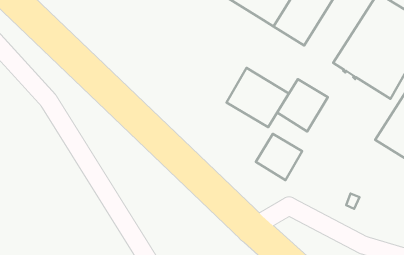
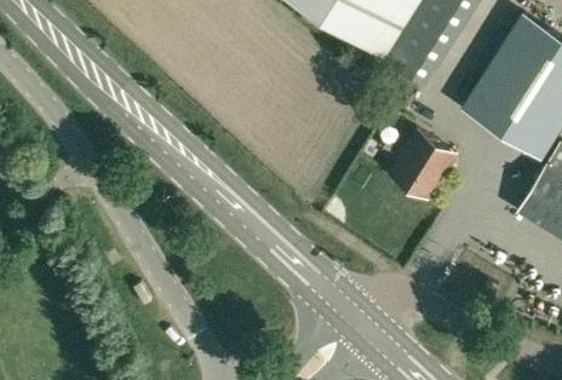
building: [227,68,289,127] -> none
building: [256,134,302,180] -> none

